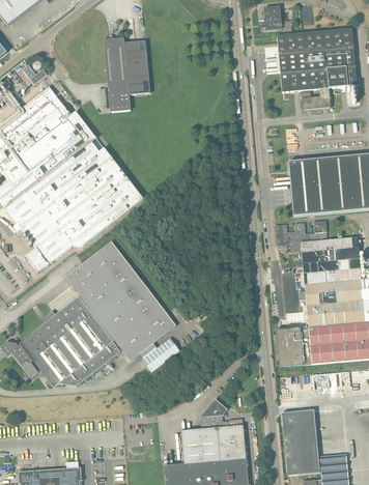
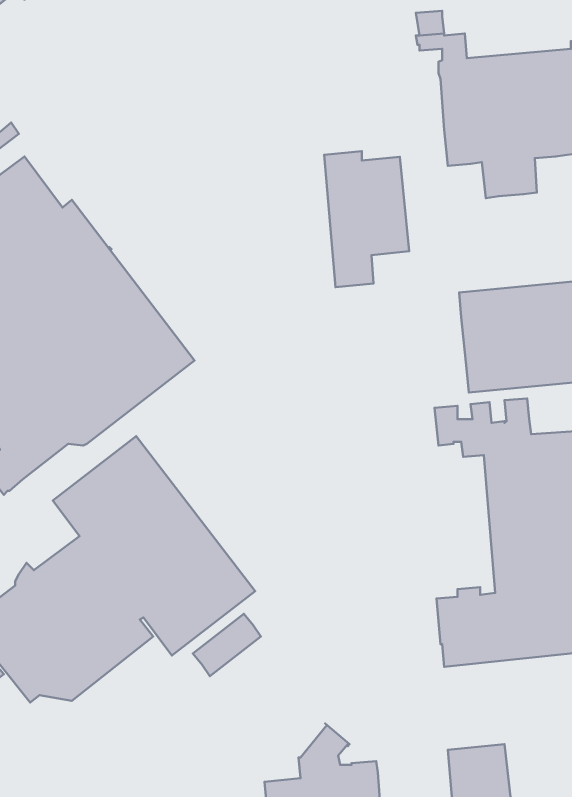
building: [104,37,150,112] -> [324,151,409,287]

